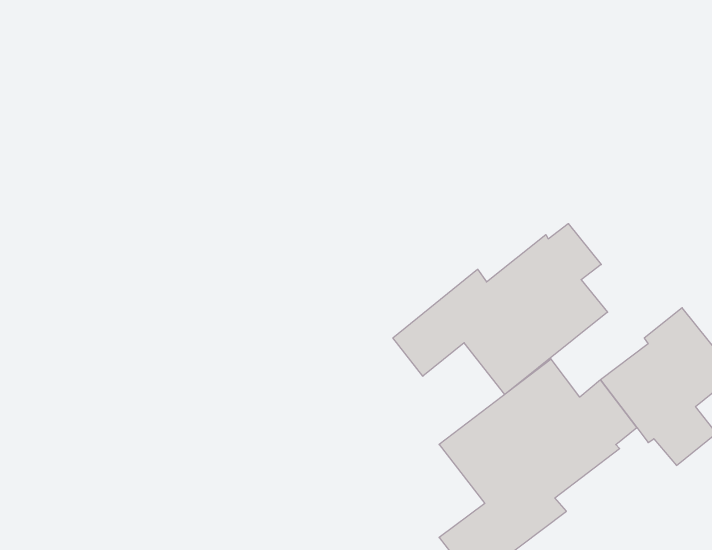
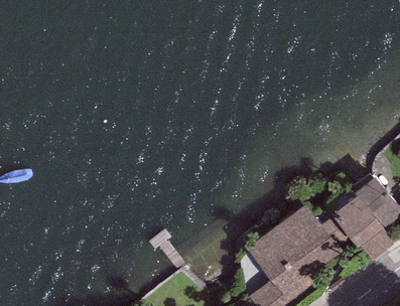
building: [393,224,608,394] -> none

